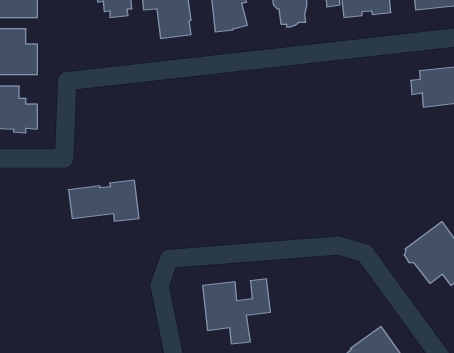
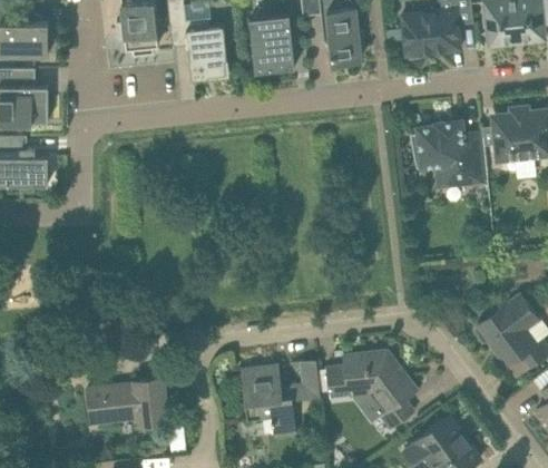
building: none -> [415,121,480,187]
building: [68,180,139,221] -> [86,379,168,427]
building: none -> [324,352,417,430]

